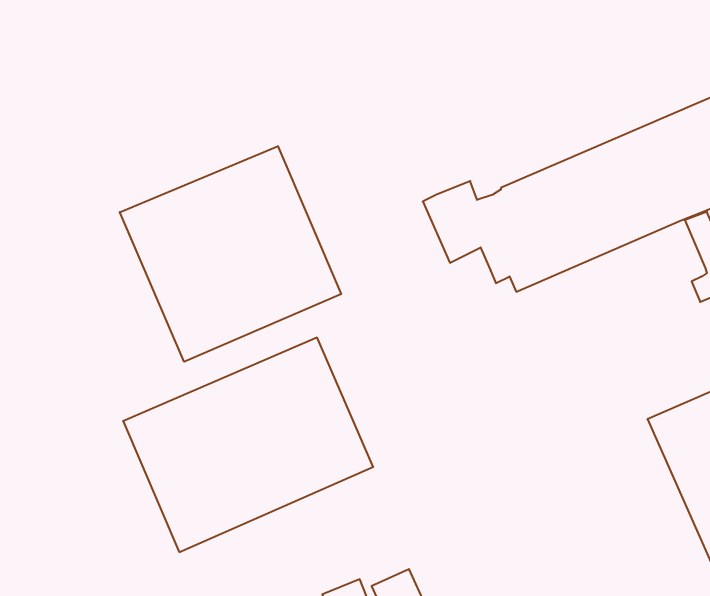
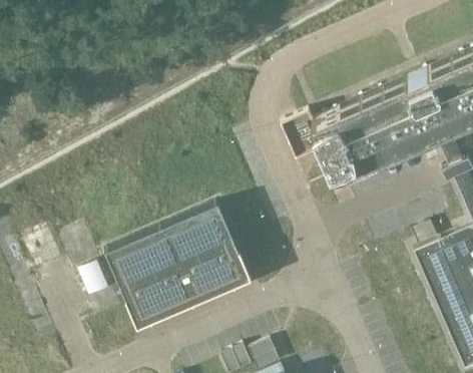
building: [120,146,341,362] -> none

